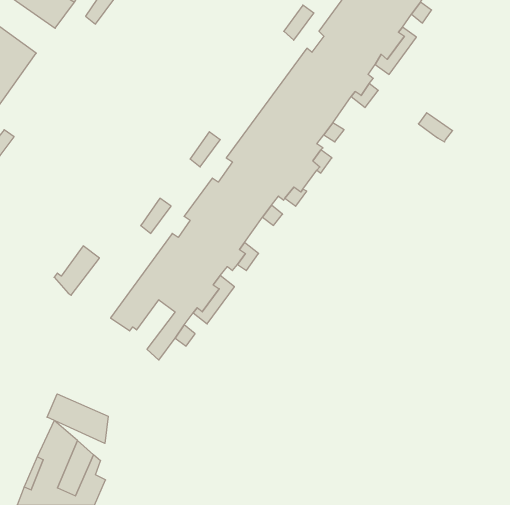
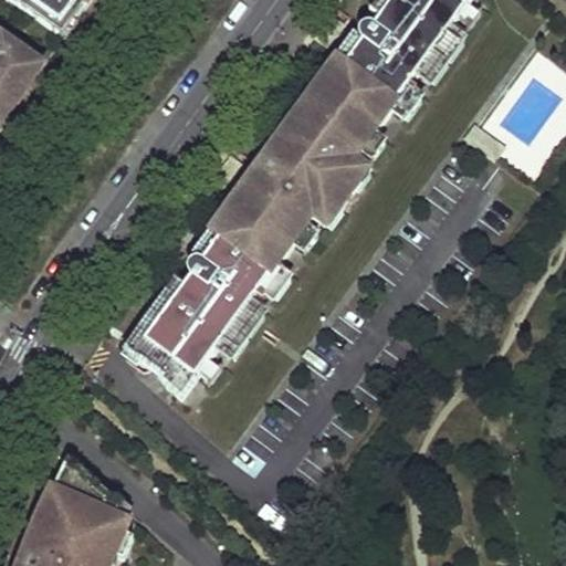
building: [54,246,99,295] -> [143,329,192,384]
building: [47,394,108,443] -> none

